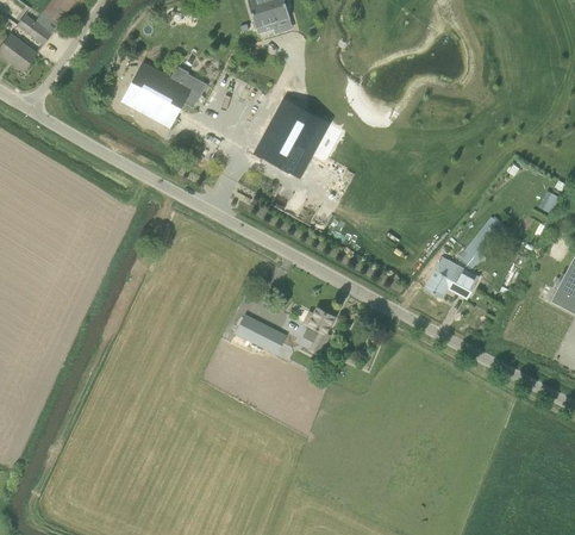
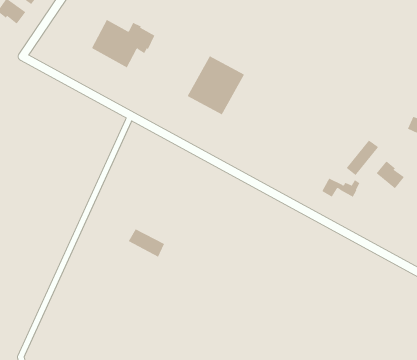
building: none -> [376,160,405,189]
building: [302,307,333,354] -> none
building: [236,315,285,353] -> [128,229,165,258]

